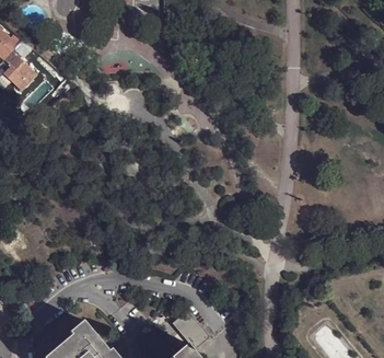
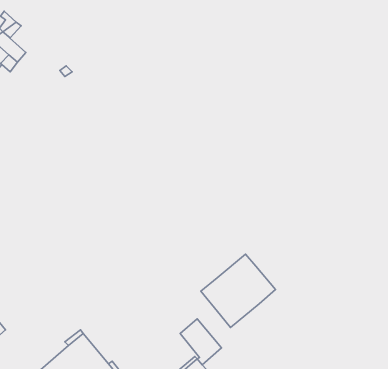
building: none -> [201,254,276,327]

